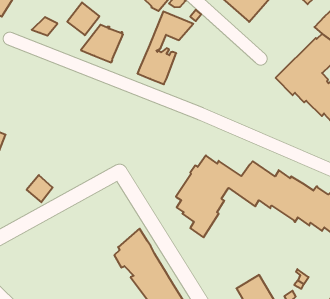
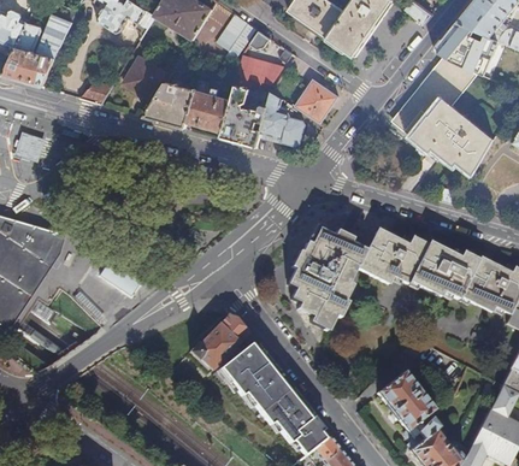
building: none -> [188,78,232,131]
building: none -> [295,77,338,122]
building: none -> [259,92,306,144]
building: none -> [190,313,248,371]

